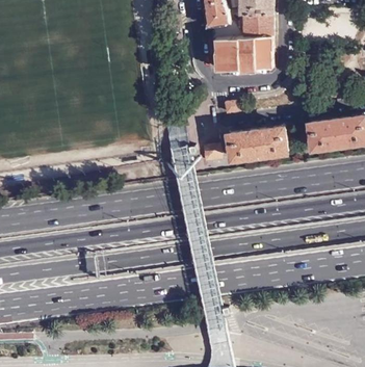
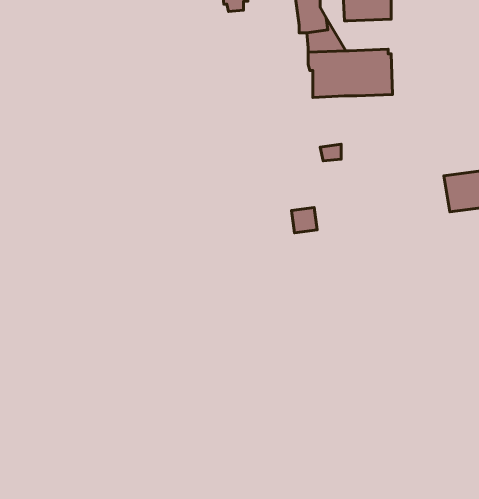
building: [241,17,271,41] -> none
building: [227,129,286,161] -> none

